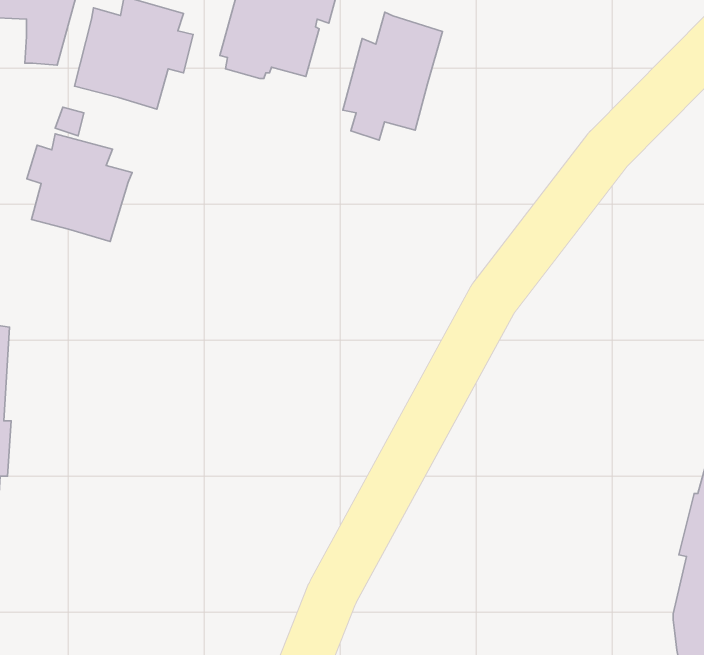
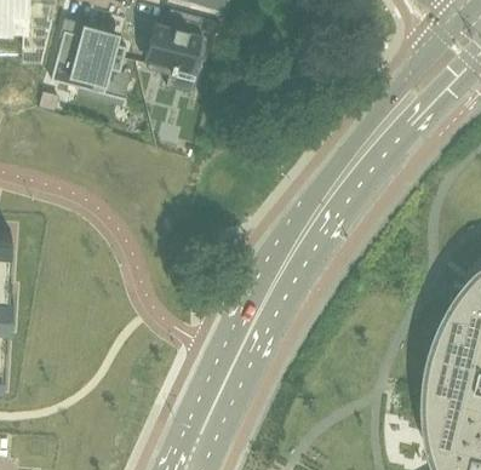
building: [343,12,443,140] -> none
building: [27,134,132,241] -> none

